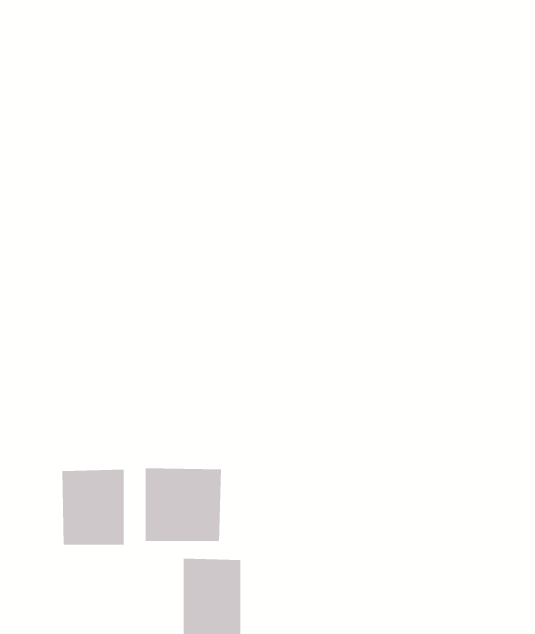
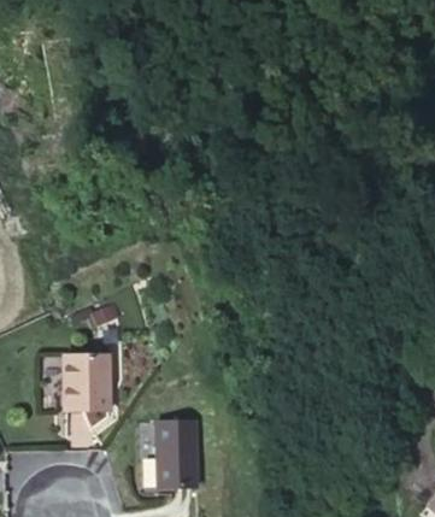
building: [145,467,221,542] -> none

